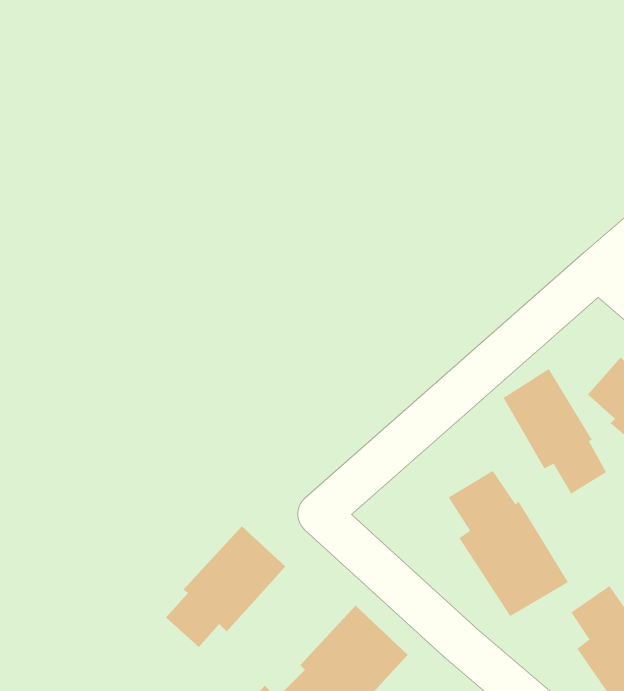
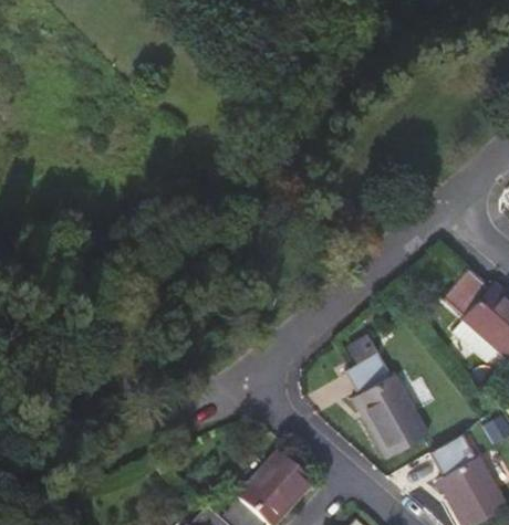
building: [503,368,607,495] -> none
building: [165,525,286,648] -> none

